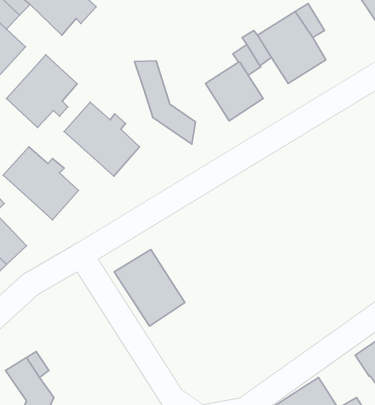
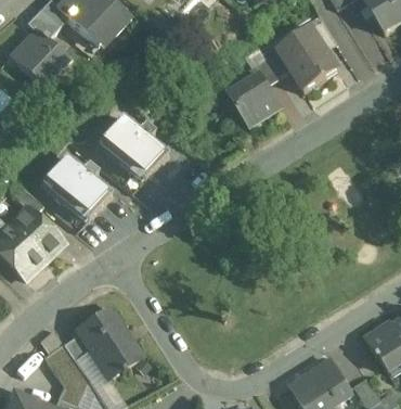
building: [6,55,77,128] -> none
building: [135,61,195,144] -> none
building: [114,250,185,326] -> [76,309,141,380]

